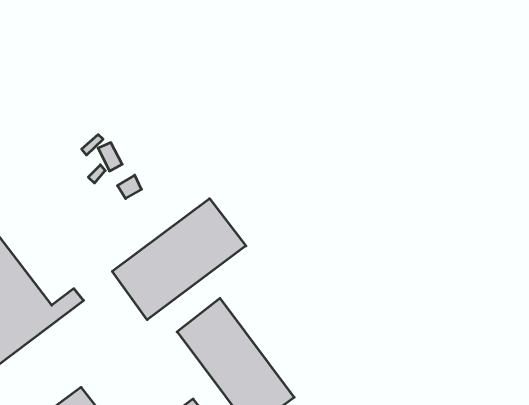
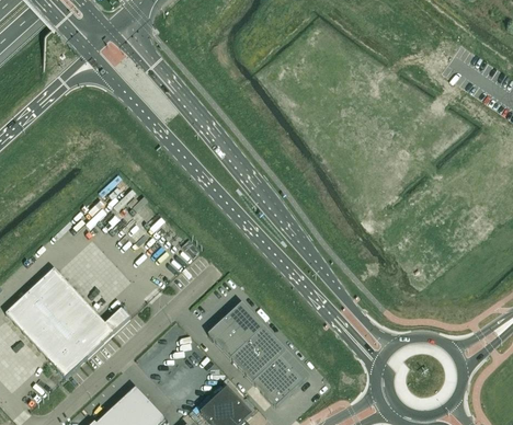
building: [112,199,246,320] -> none

